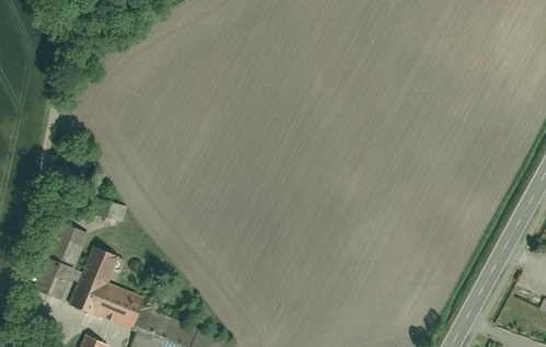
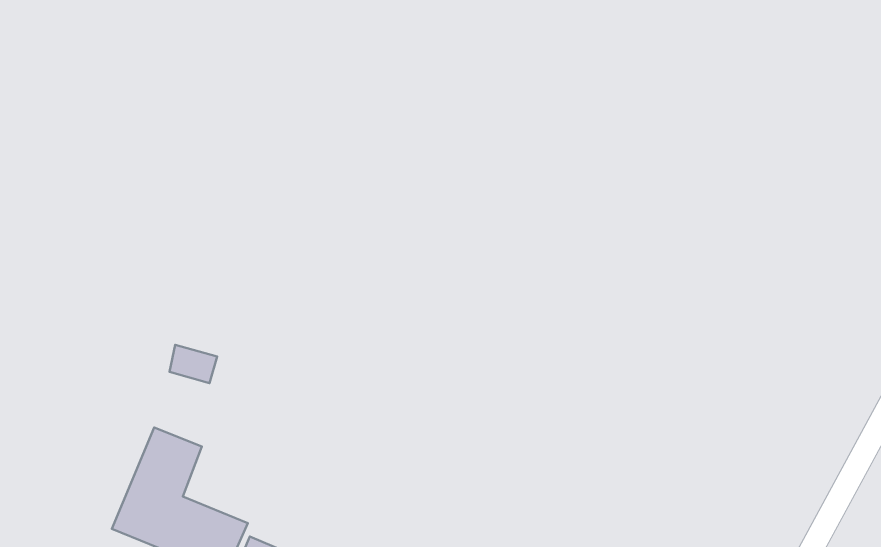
building: [35,222,89,301] -> none

